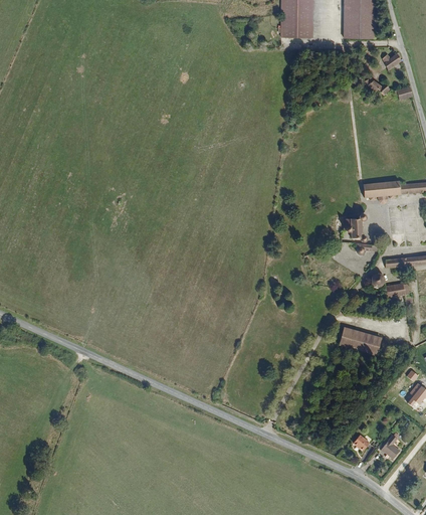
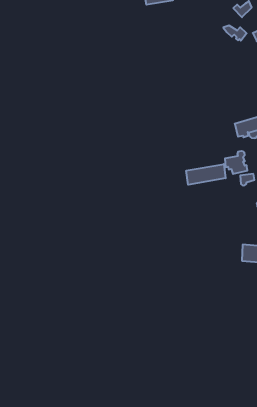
building: none -> [186,164,226,185]

